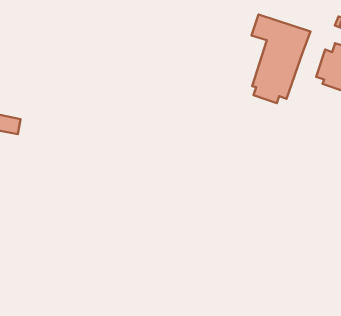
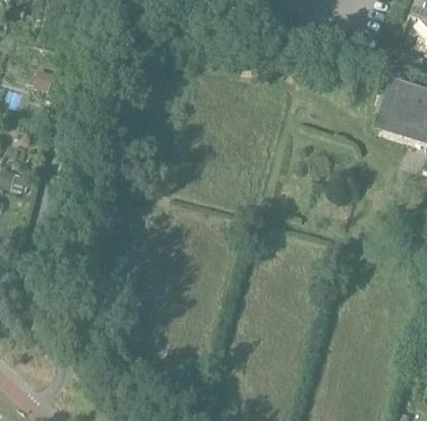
building: [251,14,311,103] -> none

